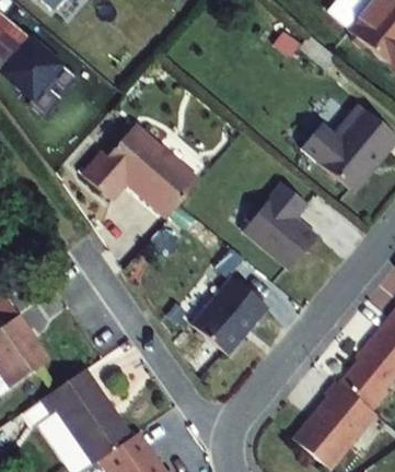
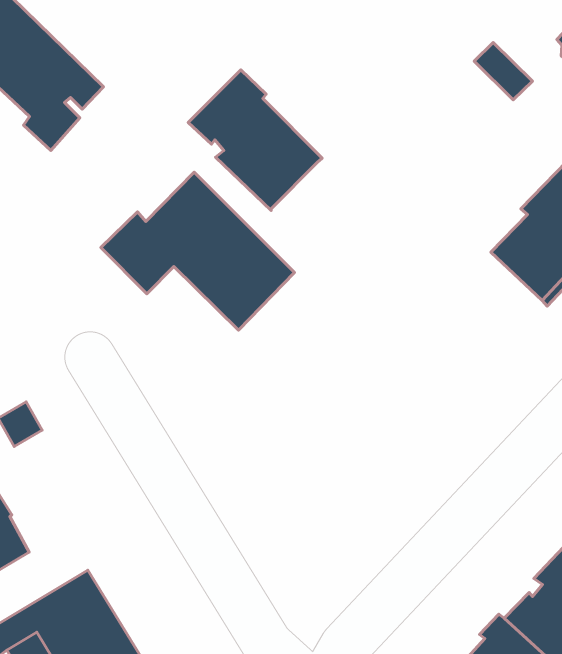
building: none -> [188,70,322,211]
building: [242,181,317,269] -> none
building: [191,276,269,355] -> none

